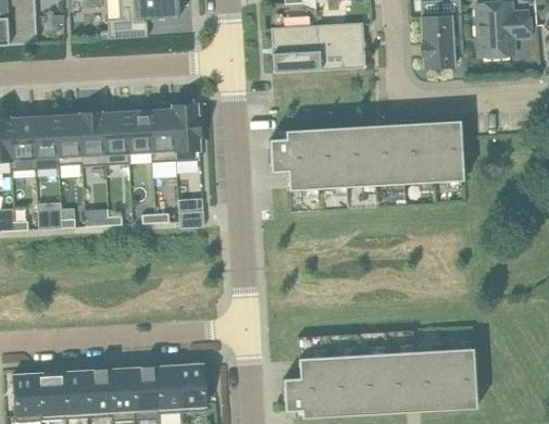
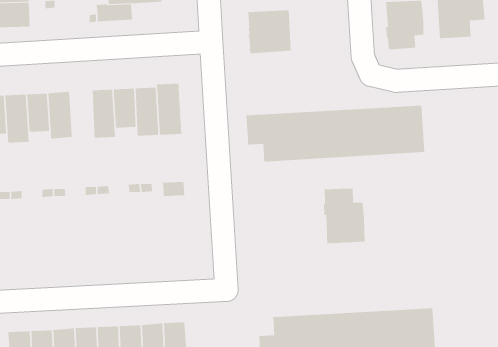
building: [317,22,365,70] -> none
building: [79,112,105,166] -> none
building: none -> [324,188,365,244]

